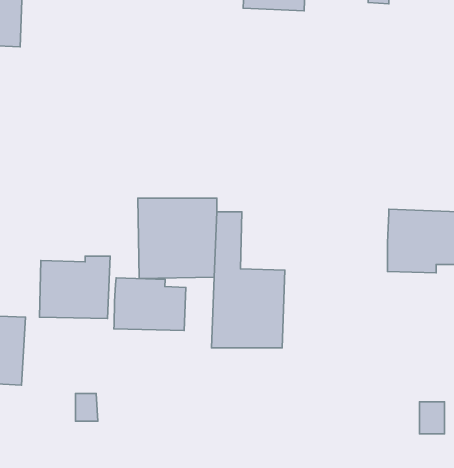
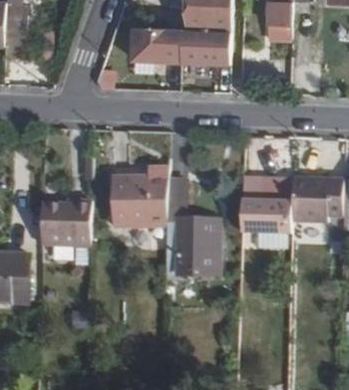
building: none -> [121,29,221,68]
building: none -> [240,177,292,233]
building: [114,278,186,331] -> none

